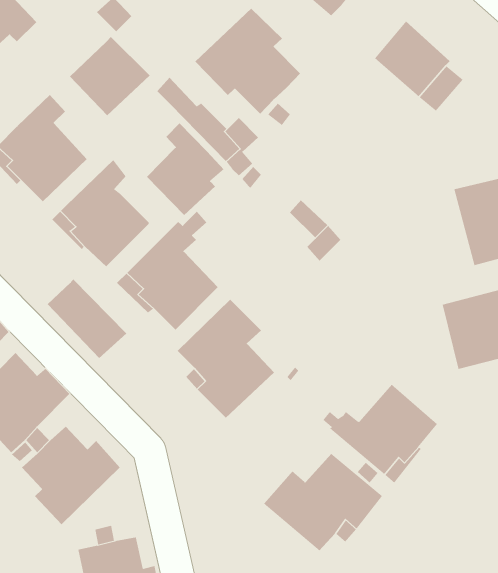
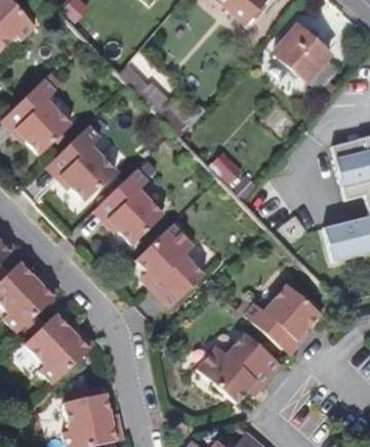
building: [194,8,301,114] -> none
building: [69,36,150,116] -> none
building: [146,123,225,216] -> none
building: [47,279,127,359] -> none

